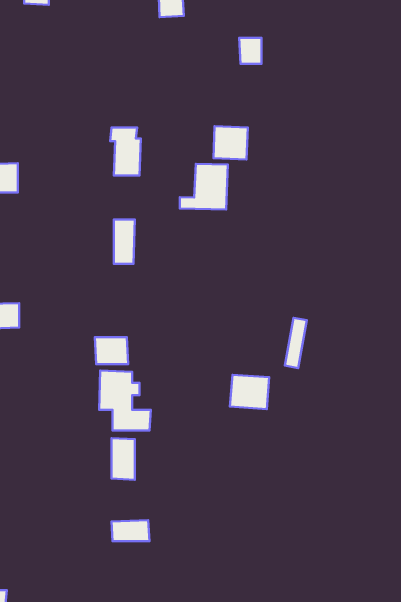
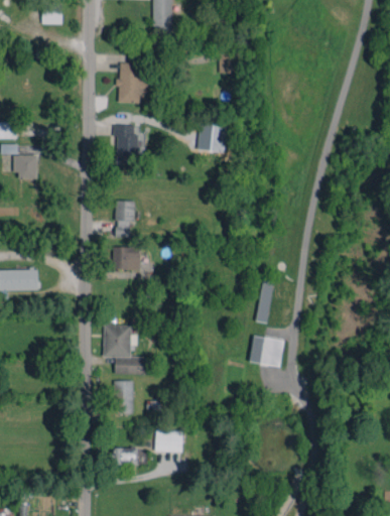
building: none -> [118,62,145,103]
building: [180,164,228,209] -> none
building: [95,337,128,364] -> [113,247,140,269]
building: [230,375,269,409] -> [251,337,283,365]
building: none -> [155,430,182,452]

